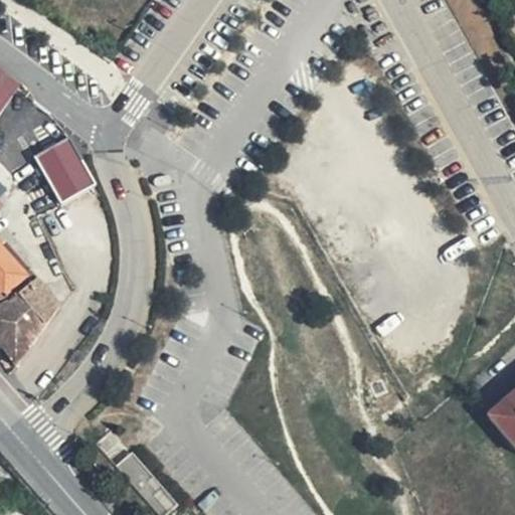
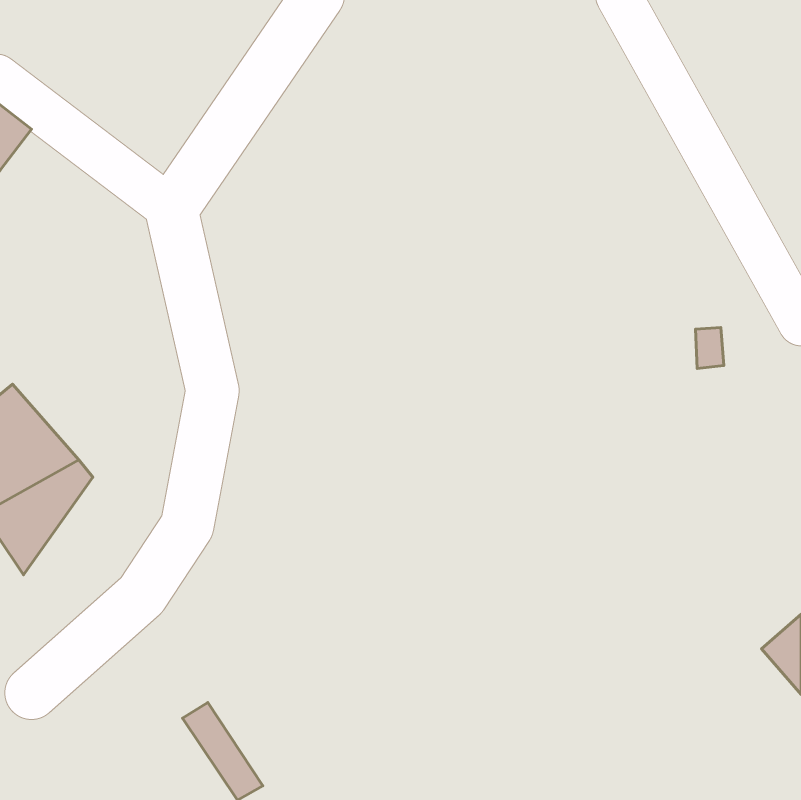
building: [31,134,93,200] -> none

